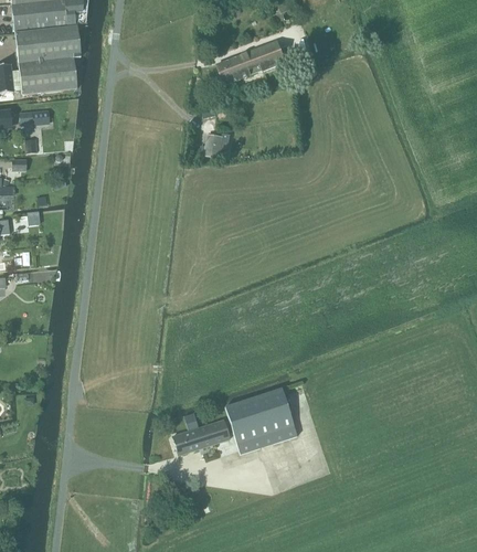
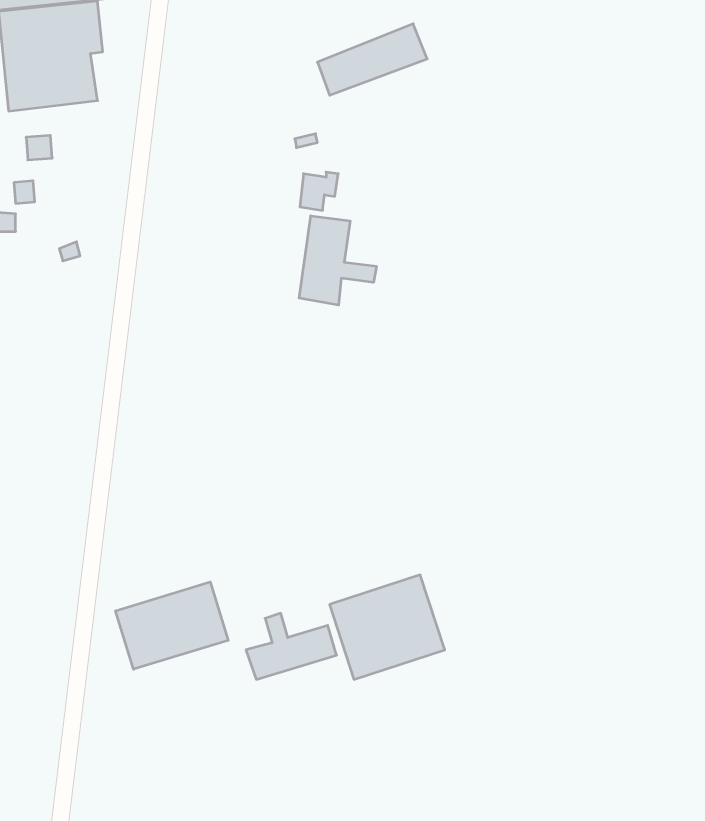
building: none -> [299,216,376,305]
building: none -> [116,582,228,669]

